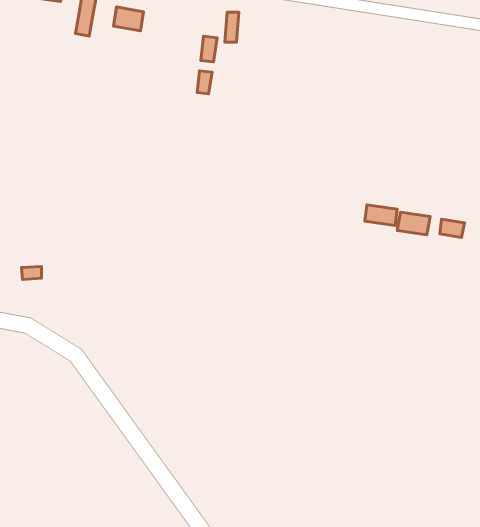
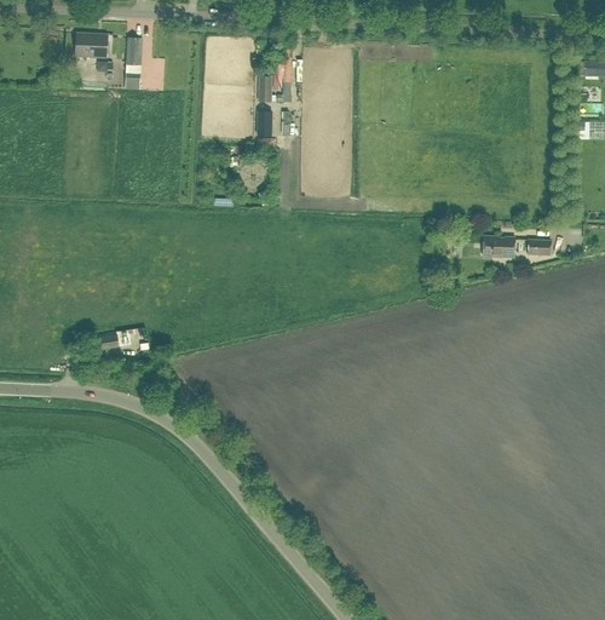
building: [113,7,144,31] -> none
building: [365,205,397,226] -> none

